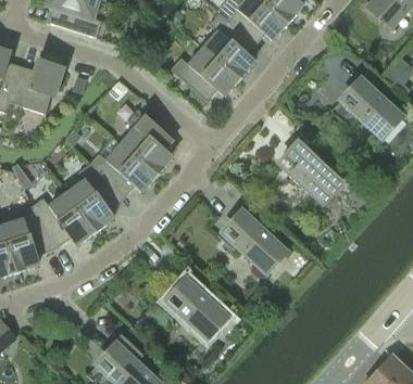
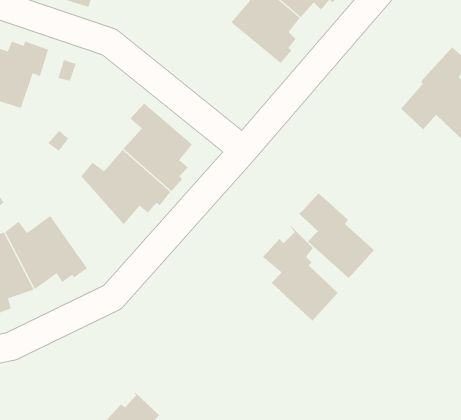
building: [171,47,241,100] -> none
building: [283,138,340,203] -> [298,192,375,279]
building: [67,163,123,232] -> none
building: [171,265,225,337] -> none

